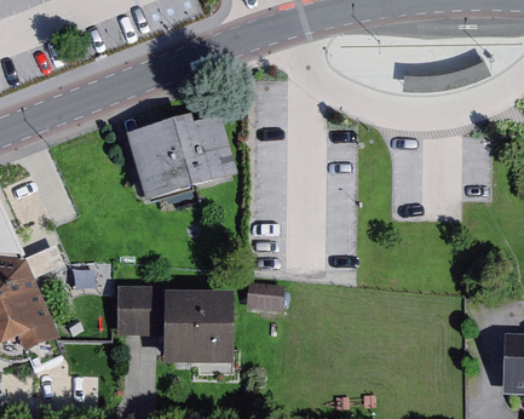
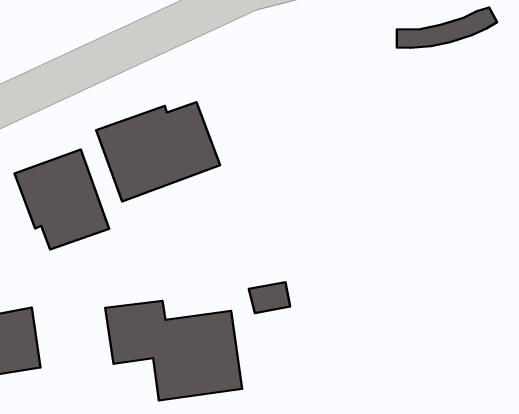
building: none -> [15,150,109,249]

